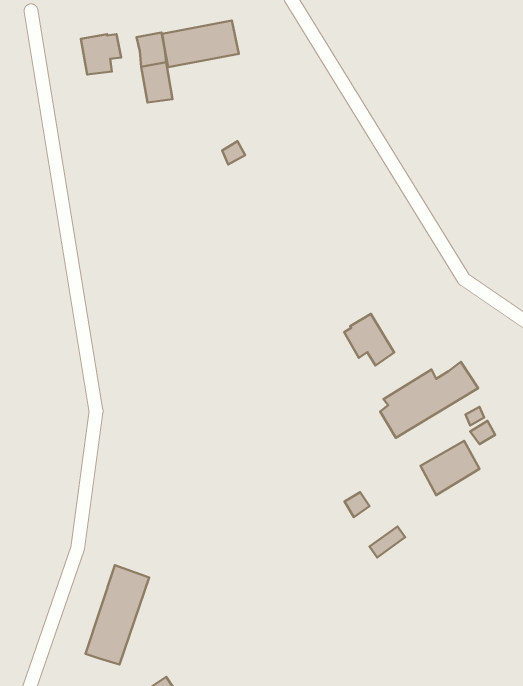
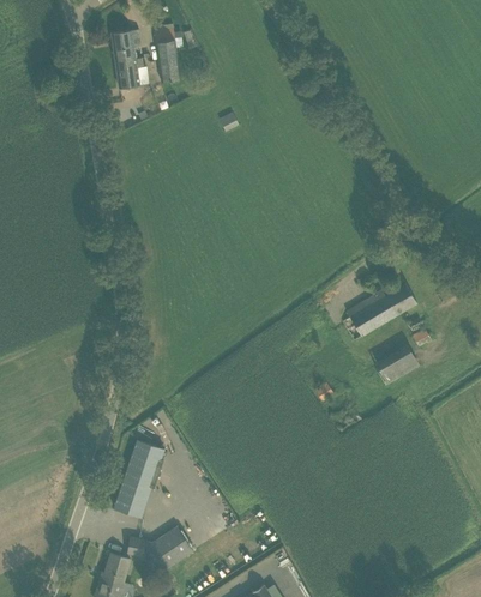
building: [162,20,239,67] -> none
building: none -> [115,59,148,89]
building: [344,314,394,365] -> none

